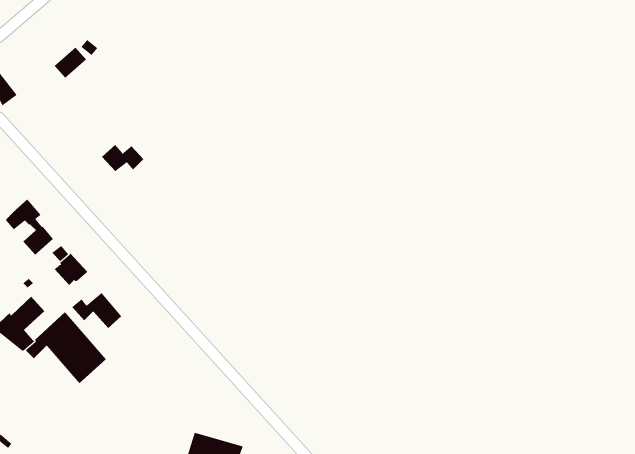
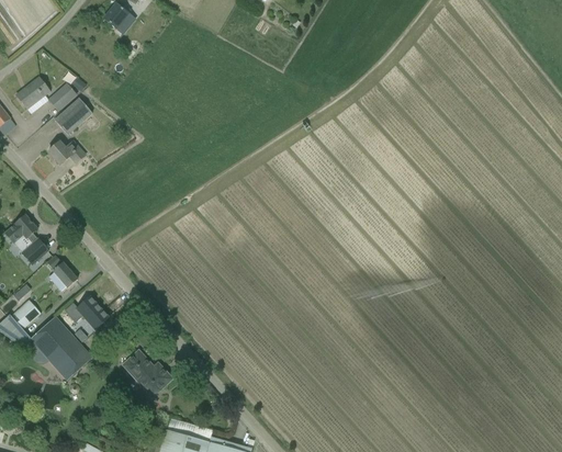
building: none -> [16,78,49,110]
building: none -> [55,99,92,136]
building: [101,144,144,172] -> [48,142,86,166]
building: none -> [123,352,171,398]

